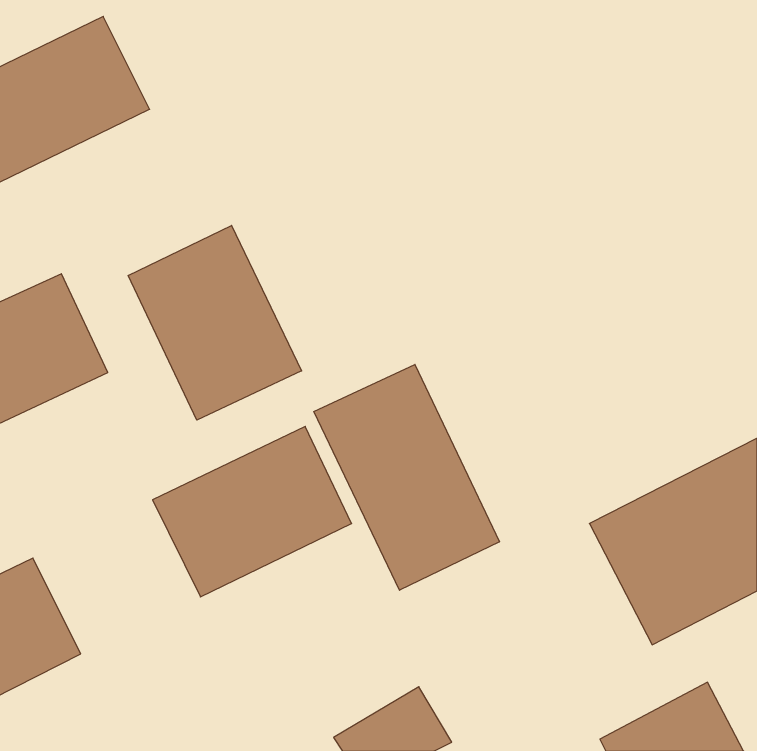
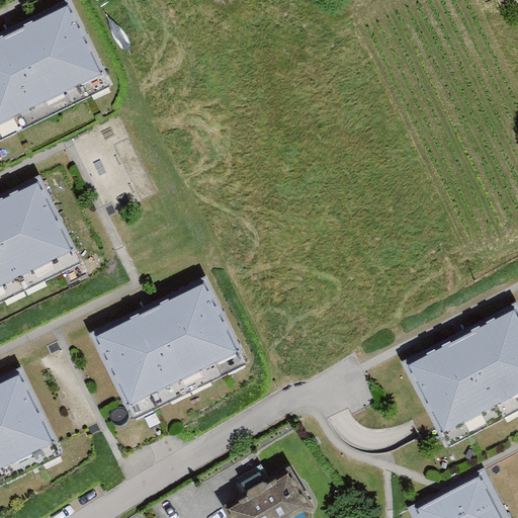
building: [128,225,302,420] -> none
building: [314,364,499,590] -> none

